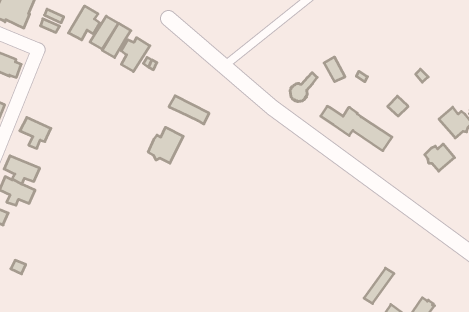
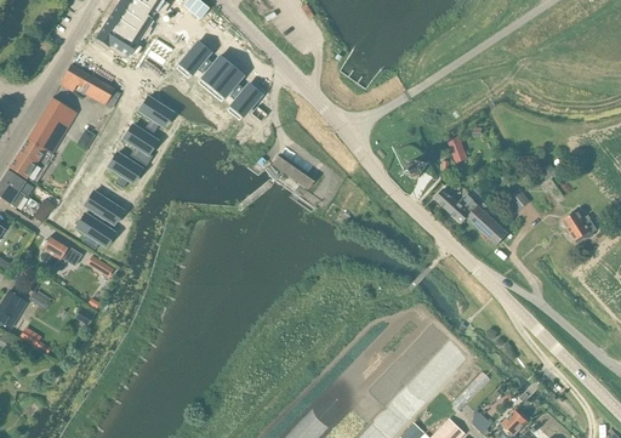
building: none -> [138,97,172,132]
building: none -> [123,125,156,165]
building: [148,127,183,163] -> none
building: [425,144,455,171] -> none

